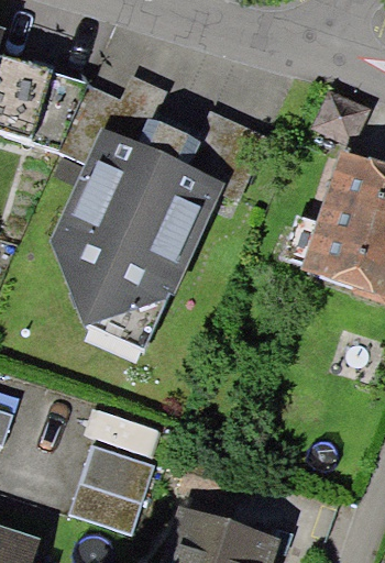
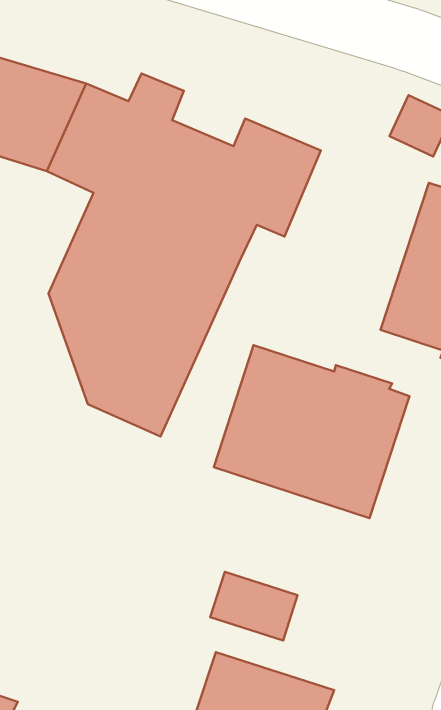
building: none -> [214,345,409,518]
building: [69,445,154,533] -> none

